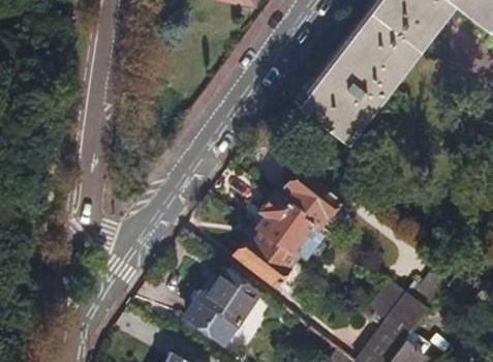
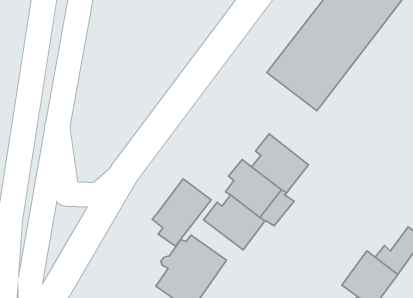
building: none -> [152,179,211,246]

